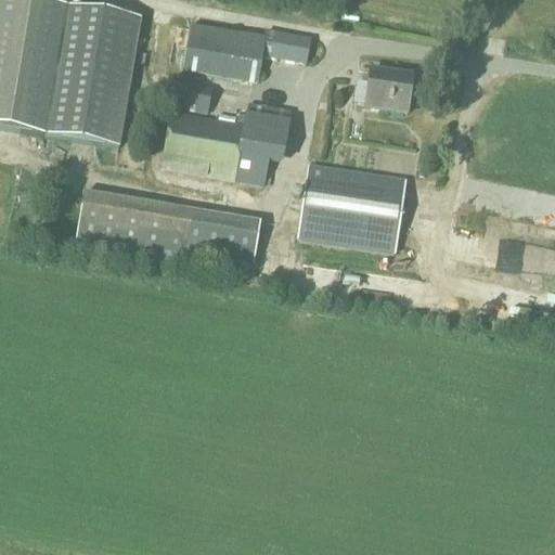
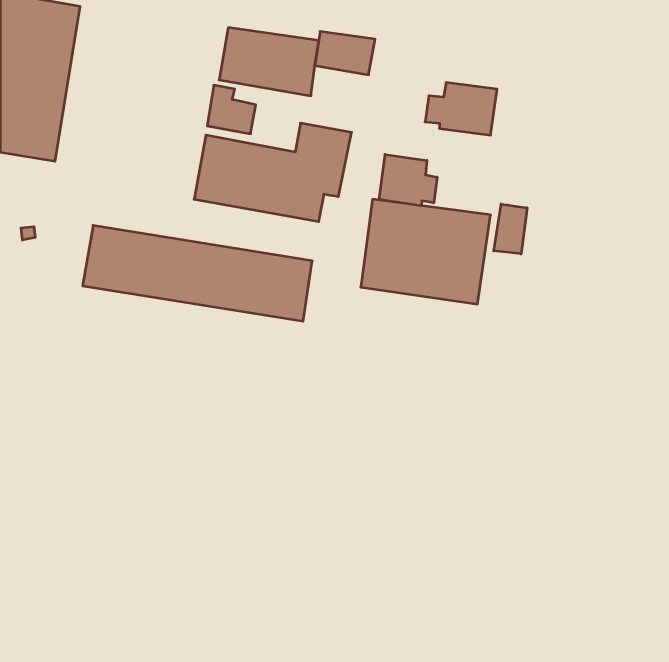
building: [47,5,140,145] -> none
building: none -> [379,154,437,206]
building: none -> [494,204,527,254]

